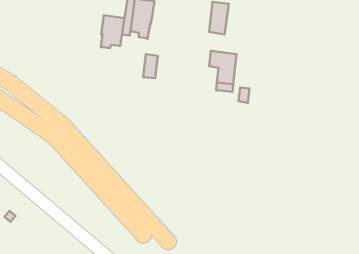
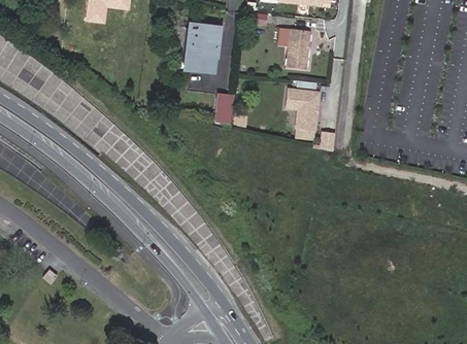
building: [101,15,124,48] -> none

